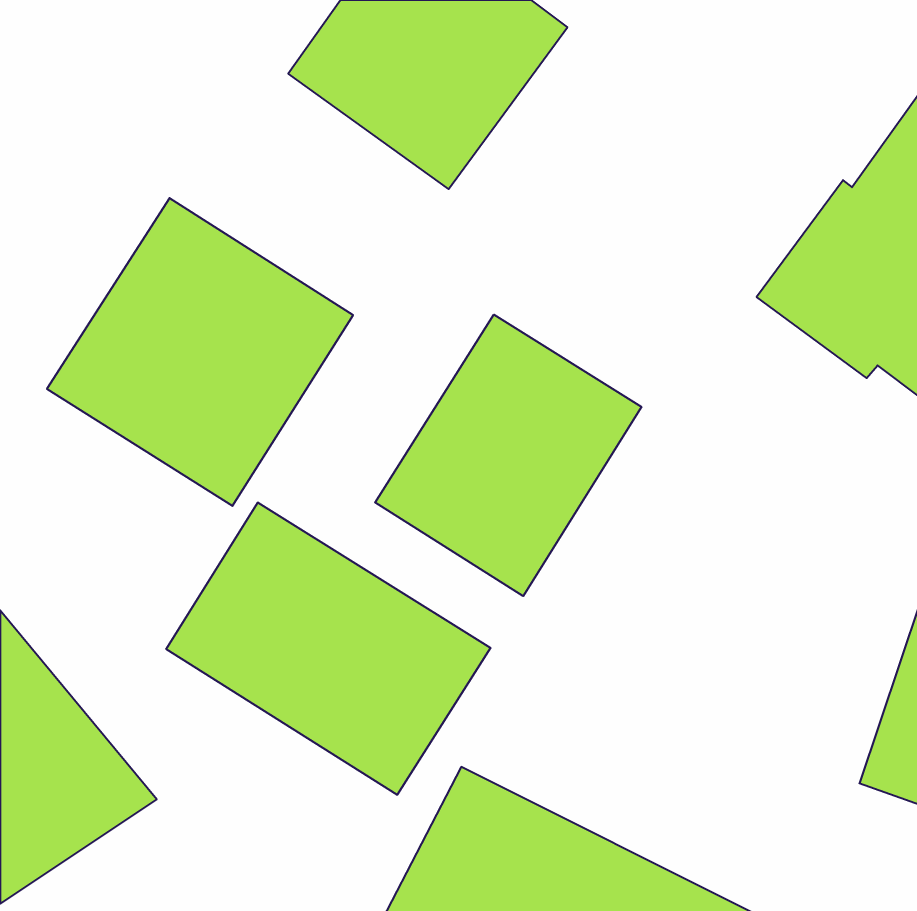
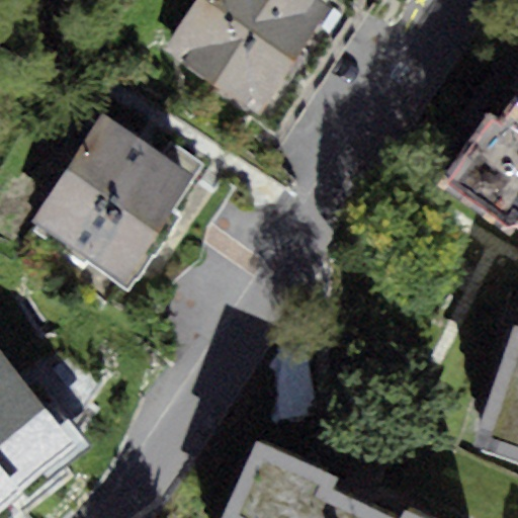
building: [375,315,641,596] -> none
building: [166,502,490,795] -> none

